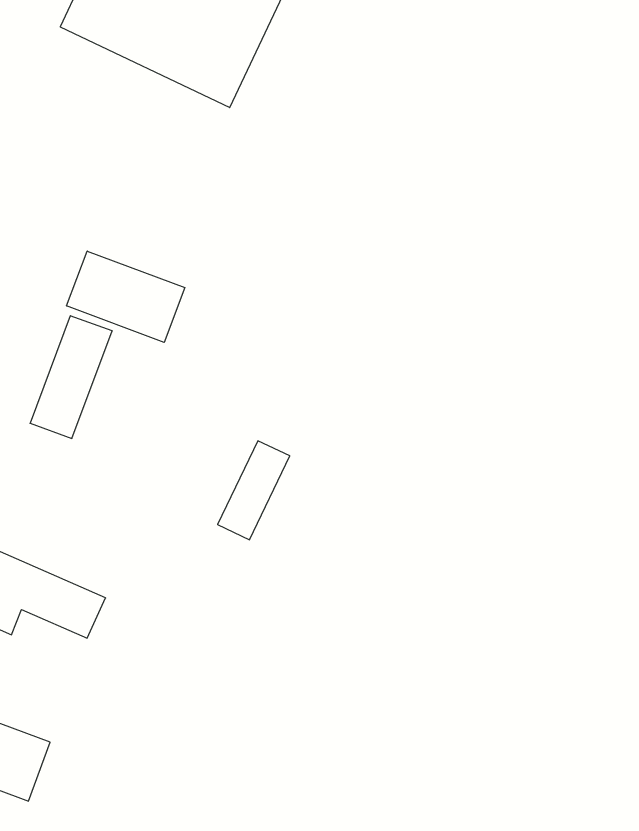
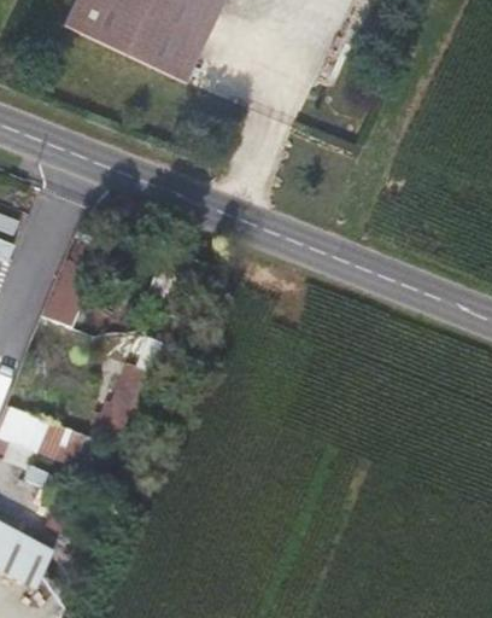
building: [67,251,185,342] -> none
building: [218,441,290,540] -> [96,358,148,430]

